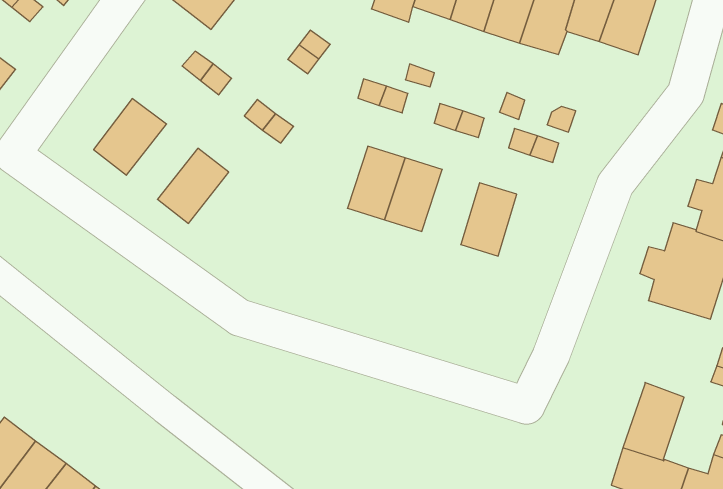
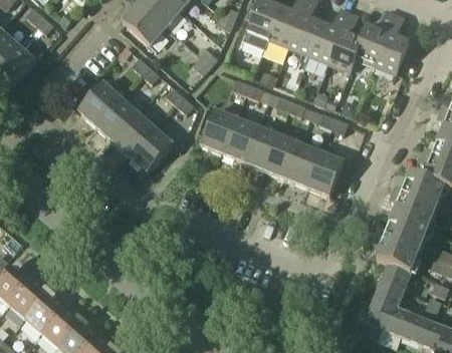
building: none -> [95,97,138,140]
building: none -> [200,108,236,152]
building: none -> [264,133,299,178]
building: none -> [130,127,173,171]
building: none -> [307,150,344,195]
building: none -> [372,217,428,274]

